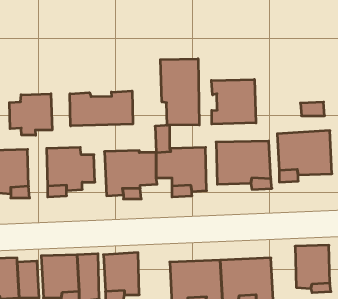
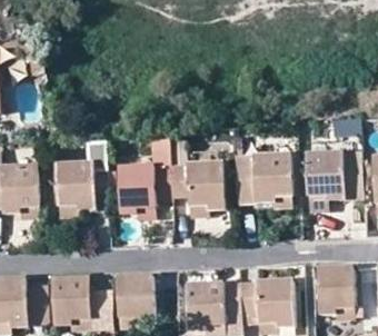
building: [160,59,199,125] -> none
building: [211,79,256,124] -> none
building: [70,91,133,126] -> none
building: [9,94,52,135] -> none

